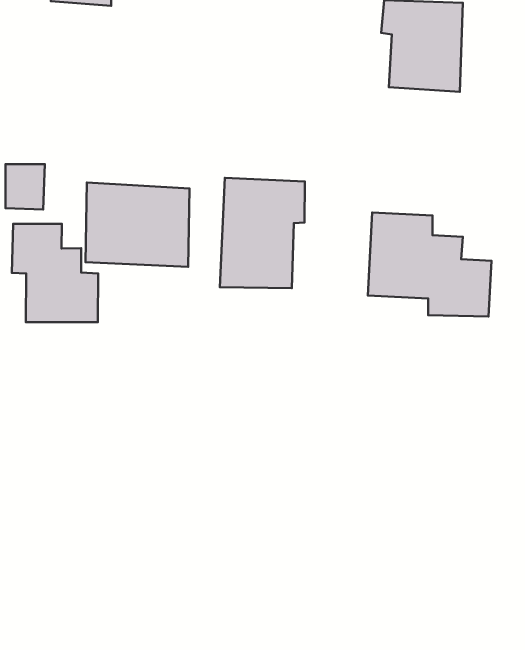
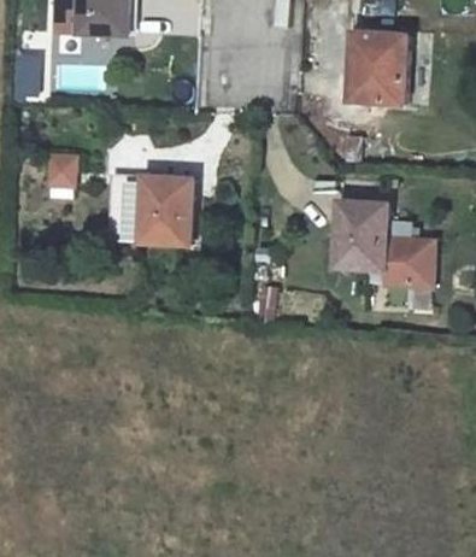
building: [220,178,305,288] -> none
building: [12,224,98,322] -> none

